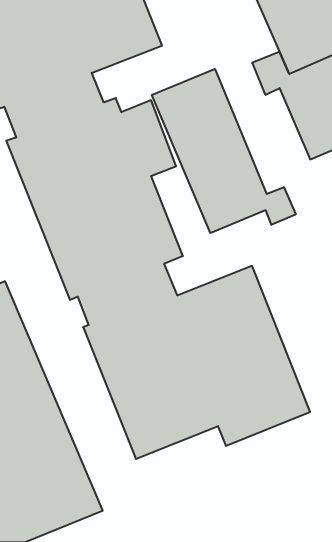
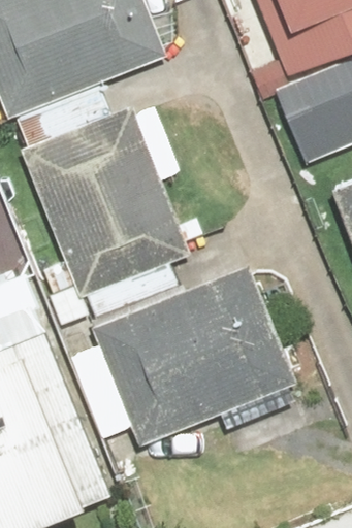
building: [152,69,296,233] -> none

